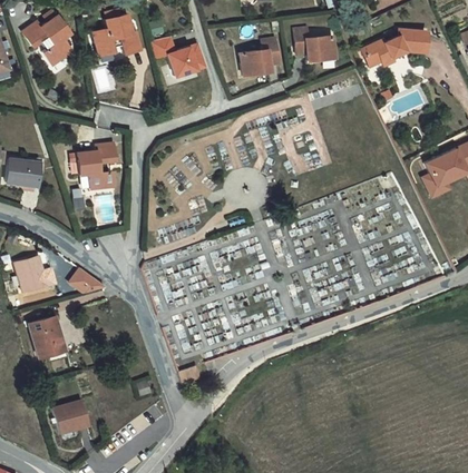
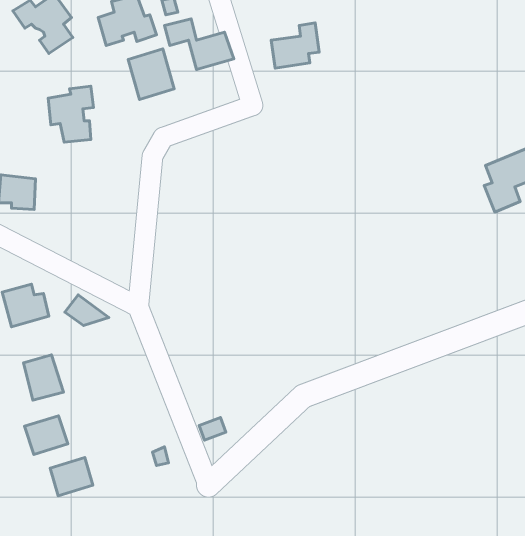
building: [294,27,332,60] -> none
building: [362,29,429,63] -> none
building: none -> [128,49,174,100]
building: [78,141,116,188] -> [48,86,94,142]
building: none -> [24,416,68,454]

